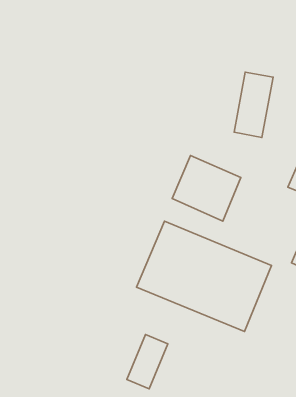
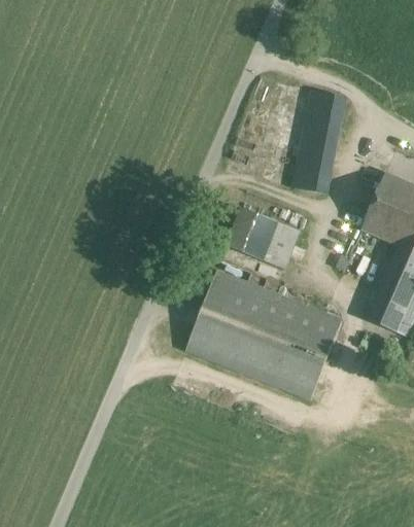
building: none -> [294,164,332,194]
building: [127,335,168,389] -> none

